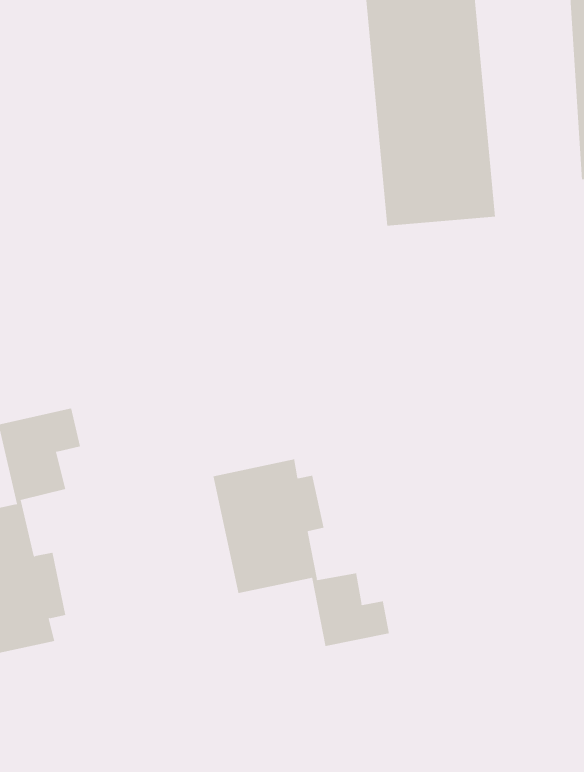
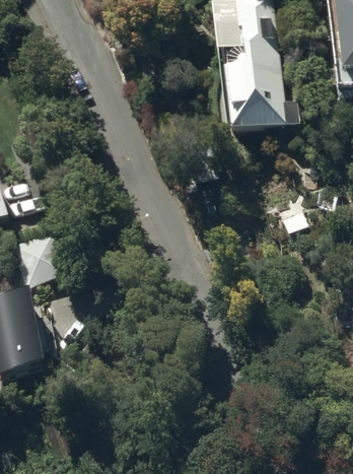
building: [213,459,389,647] -> none

